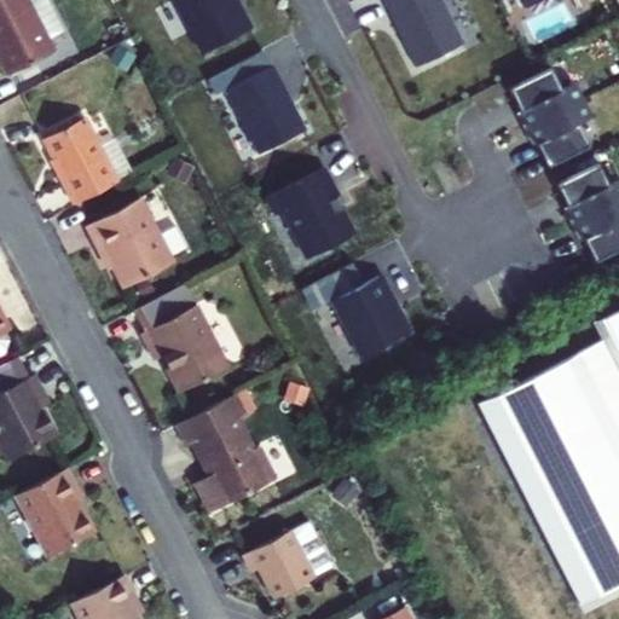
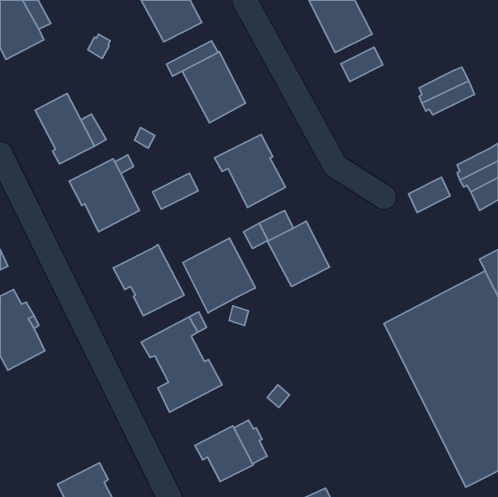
building: [509,68,561,110] -> [341,47,383,81]
building: [537,123,589,167] -> none
building: [556,162,608,206] -> [408,177,450,212]
building: [134,287,191,331] -> [152,173,198,209]
building: none -> [183,238,255,313]
building: [16,468,93,556] -> none

